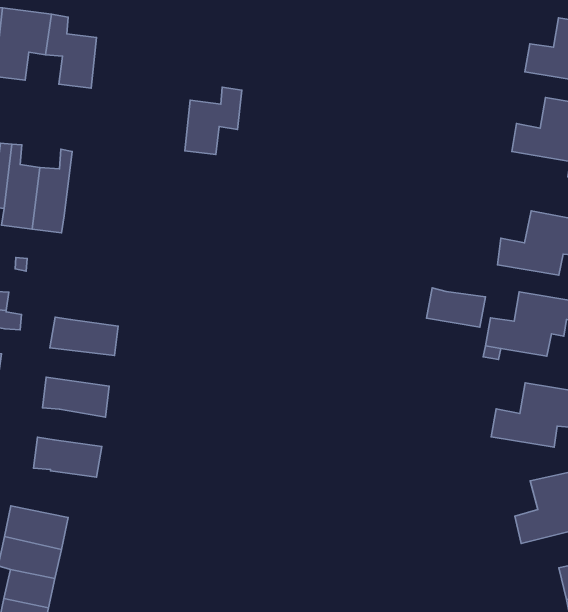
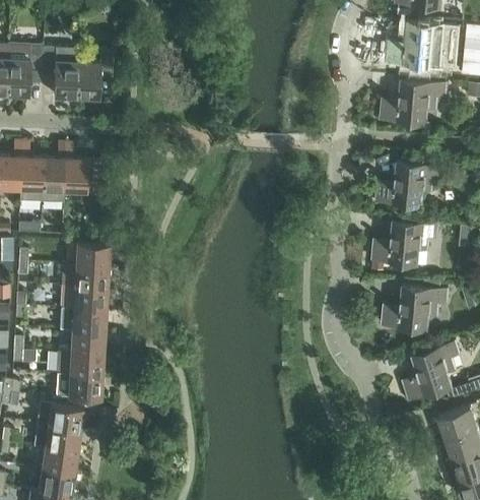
building: [185,87,242,155] -> [75,51,113,100]
building: none -> [63,145,87,193]
building: none -> [73,243,109,268]
building: [426,288,485,327] -> none
building: none -> [59,288,107,312]
building: none -> [68,331,104,356]
building: none -> [66,376,100,400]

